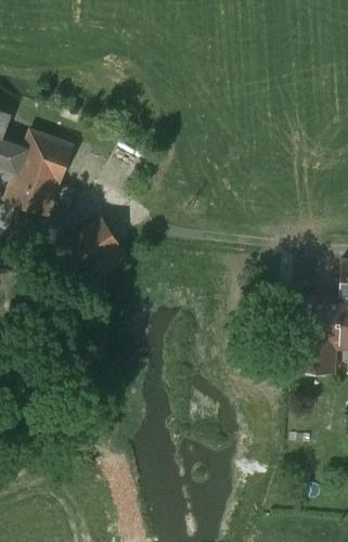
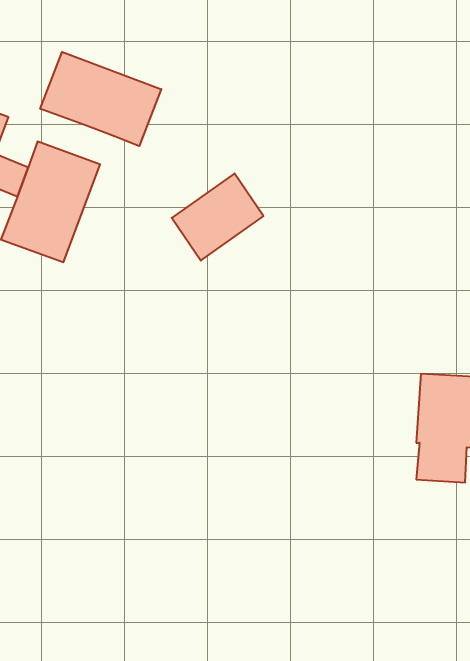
building: none -> [40,52,161,146]
building: [59,218,124,280] -> [172,173,263,261]

